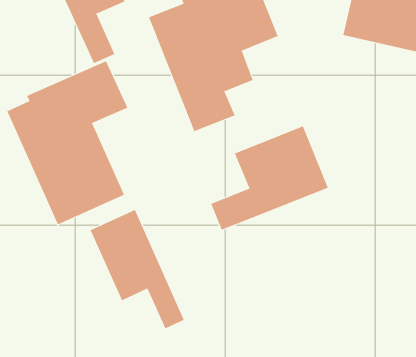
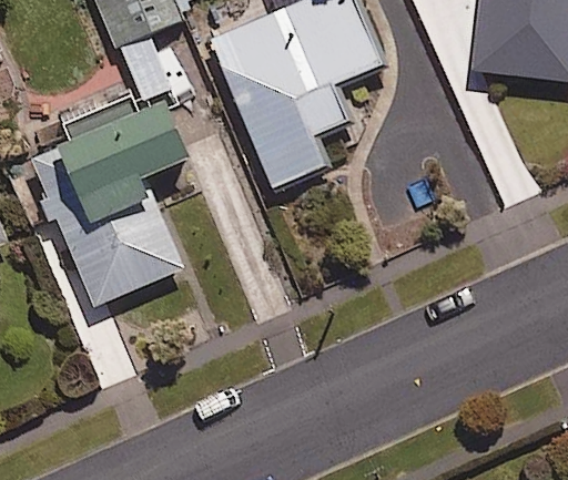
building: [210,126,328,230] -> none
building: [90,209,185,329] -> none

